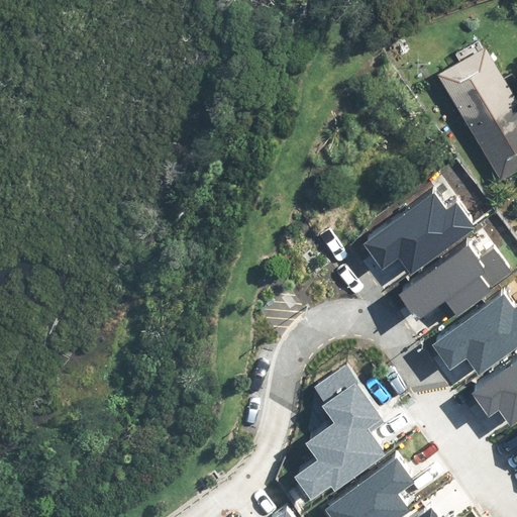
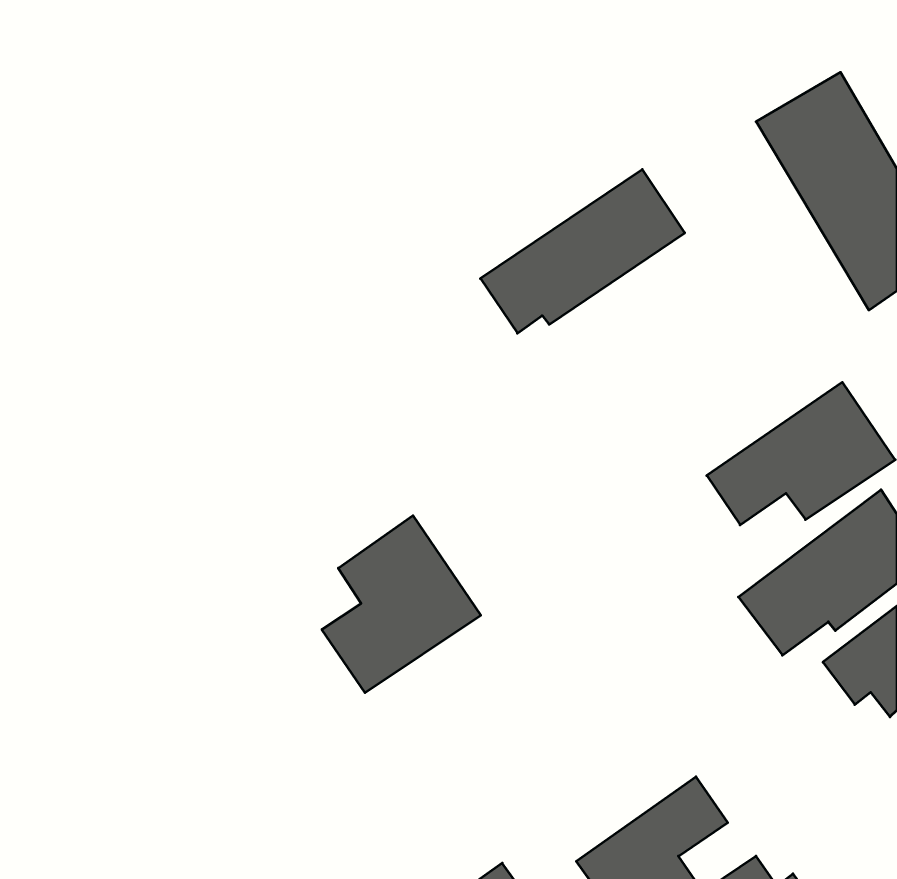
building: [365,185,482,279] -> [480,169,685,333]
building: none -> [322,516,481,693]
building: [293,364,389,495] -> none

